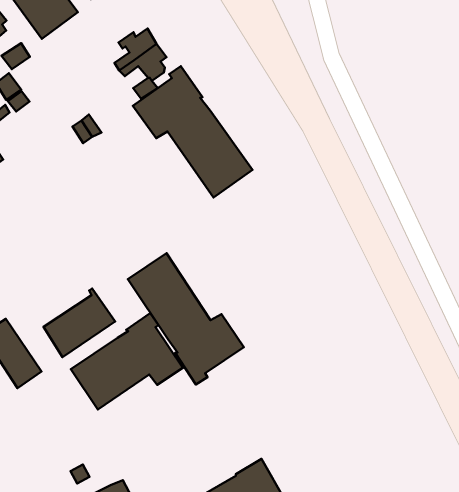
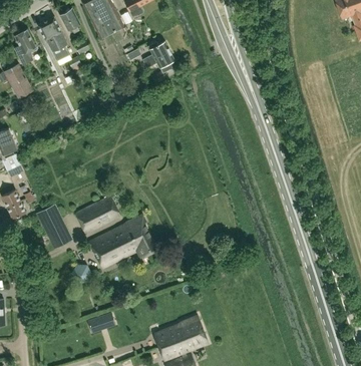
building: [133,66,252,198] -> none
building: [128,253,244,385] -> none

